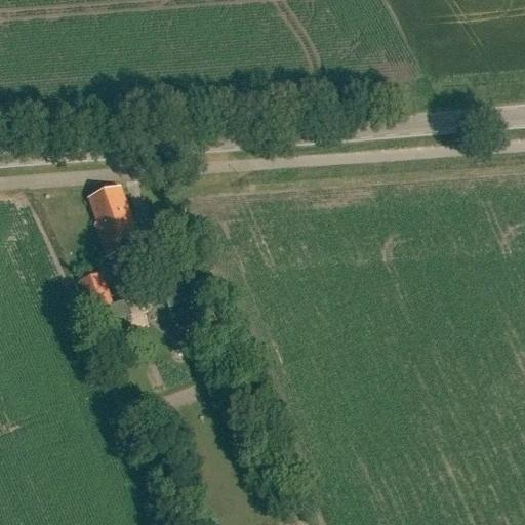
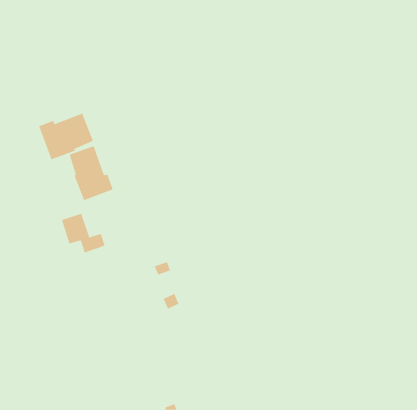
building: none -> [38,113,94,160]

